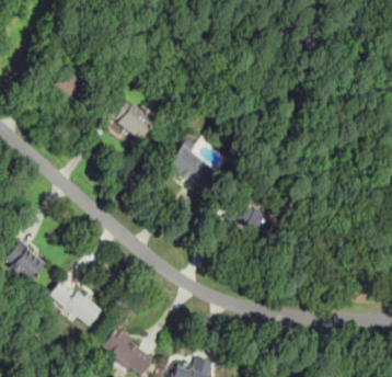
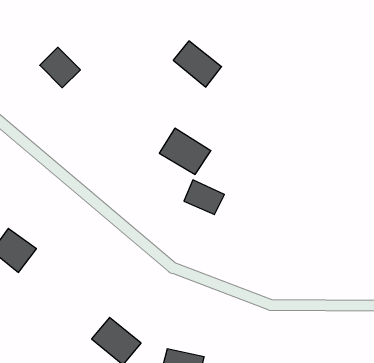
building: [108,95,155,140] -> [173,41,222,87]
building: [235,204,275,238] -> [184,180,224,215]
building: [49,278,102,327] -> none

